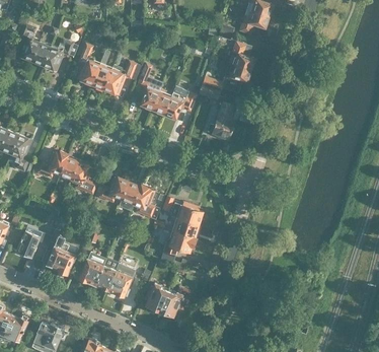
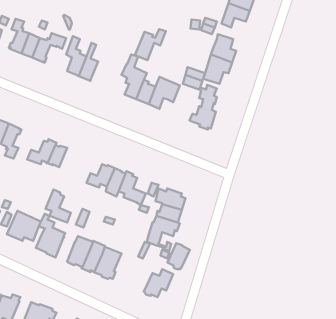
building: [102,63,135,95] -> [135,29,166,60]
building: [70,161,96,196] -> [46,190,71,223]
building: [144,285,167,312] -> [168,243,190,269]

